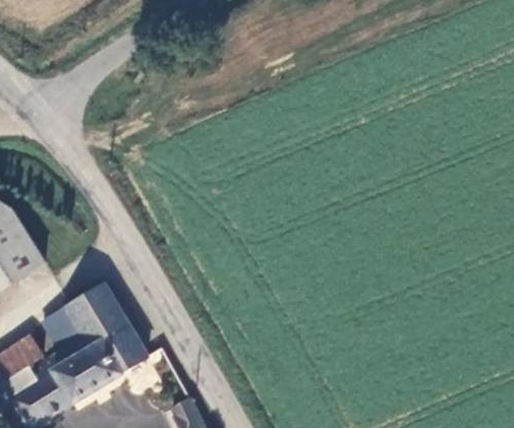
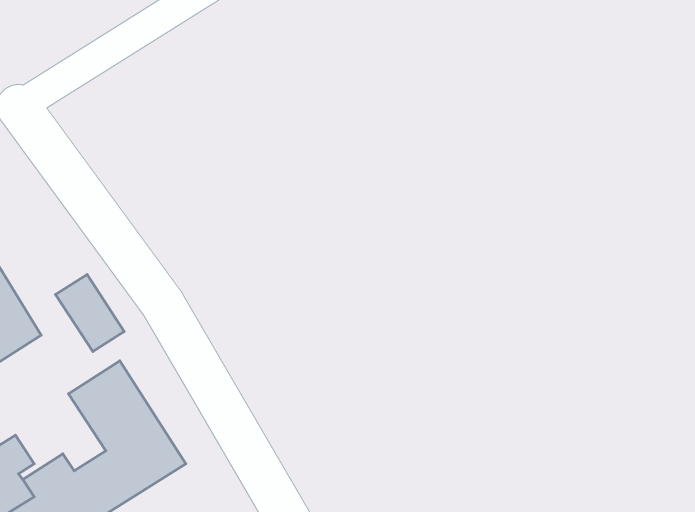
building: [43,305,92,360] -> [56,274,124,351]

